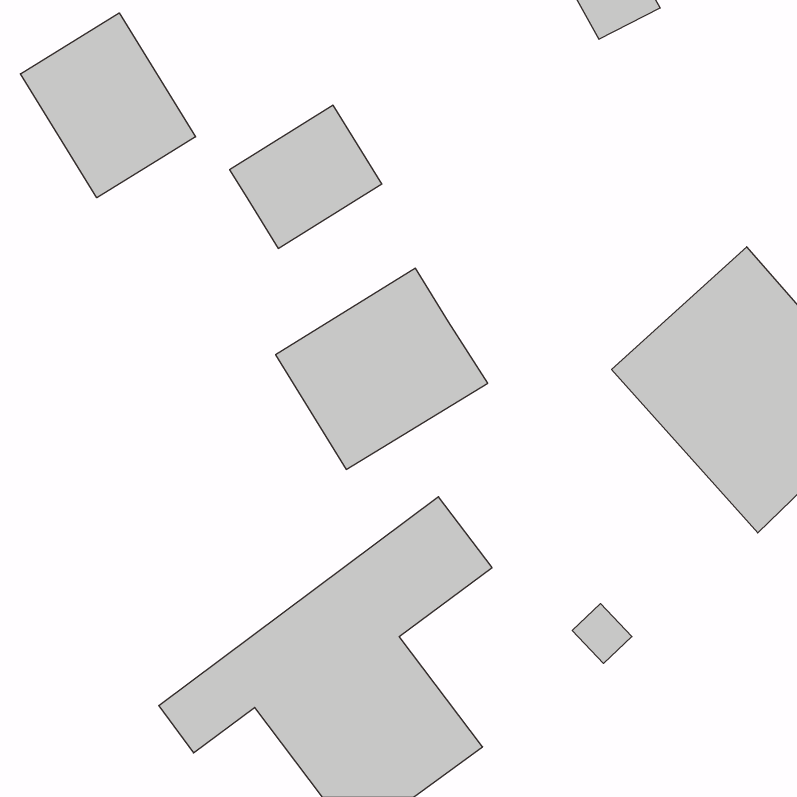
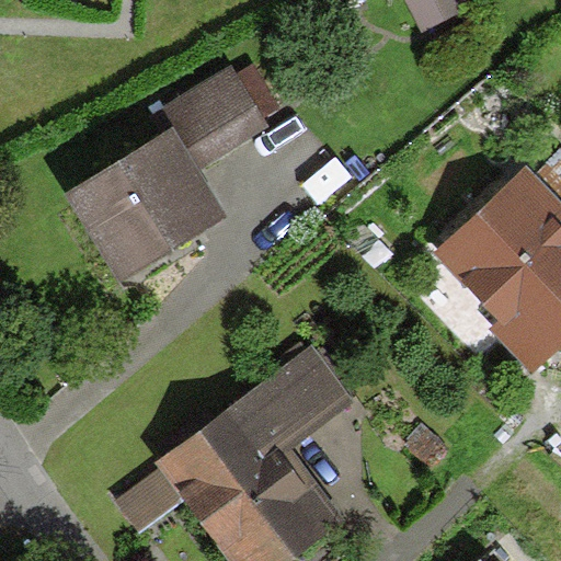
building: [20,13,196,198] -> none
building: [276,268,488,469] -> [78,136,226,276]

